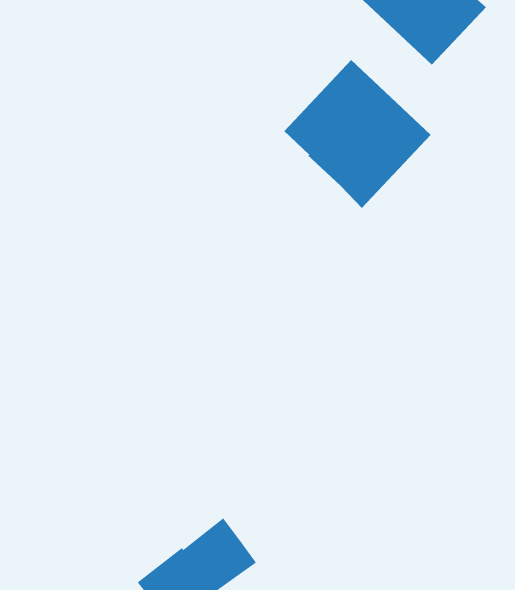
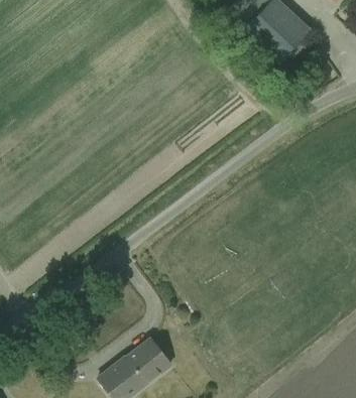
building: [283,59,431,209] -> none

